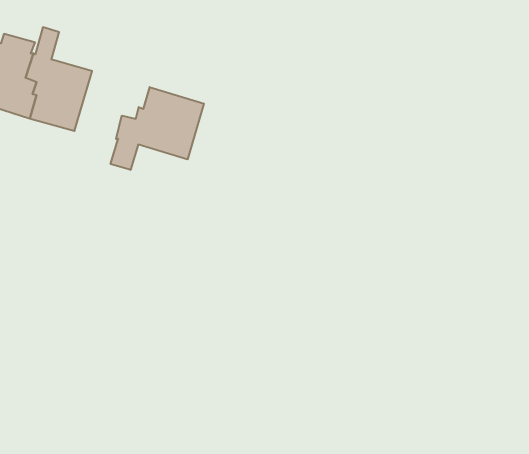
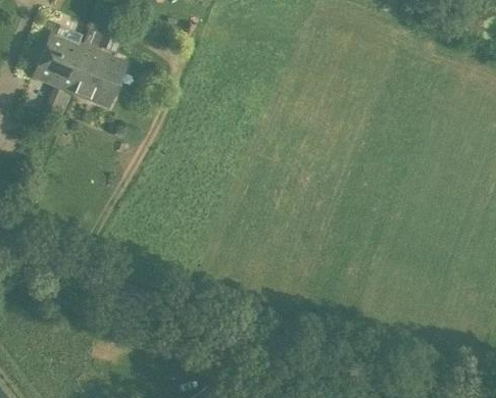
building: [111,87,204,170] -> none

